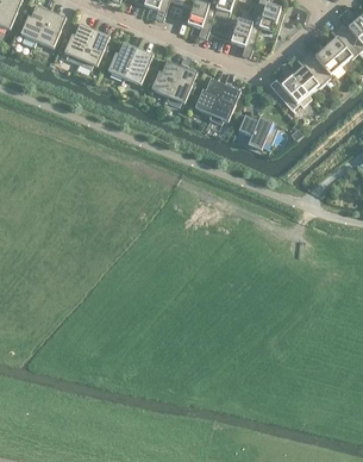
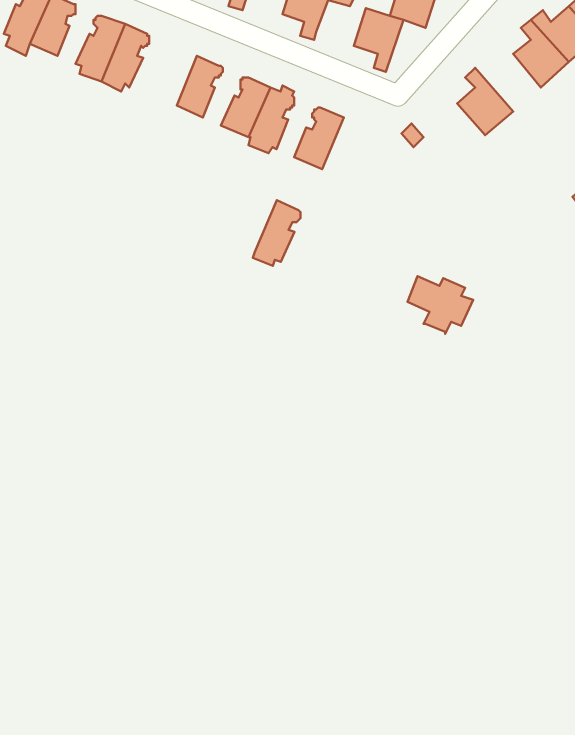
building: [106,42,134,77] -> none
building: [301,46,340,81] -> none
building: [268,76,309,110] -> none
building: [208,85,237,124] -> [253,200,301,266]
building: [237,114,276,149] -> [408,276,473,334]

